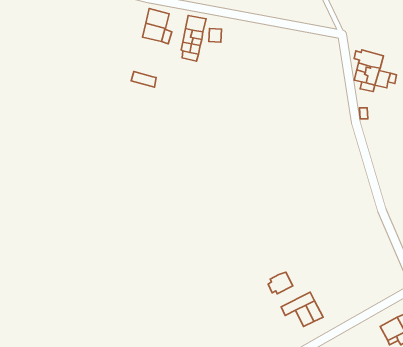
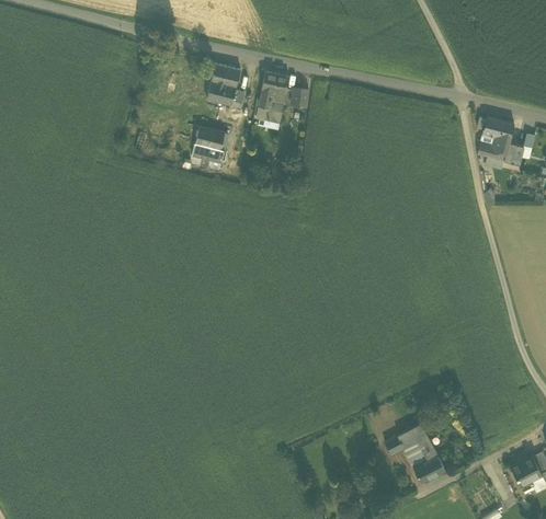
building: none -> [196,126,225,149]
building: [268,272,293,294] -> none
building: none -> [412,454,444,481]

